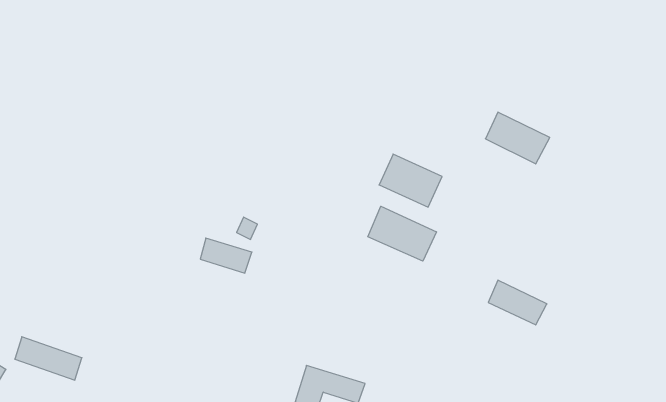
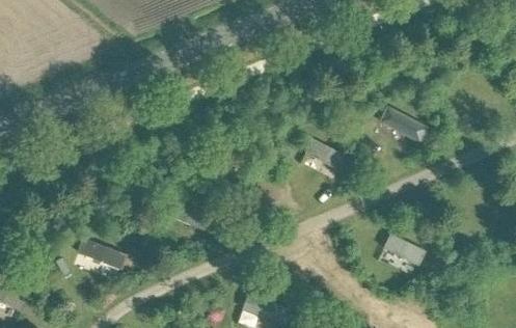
building: [368,206,436,261] -> none
building: [15,337,82,380] -> [78,238,128,270]

